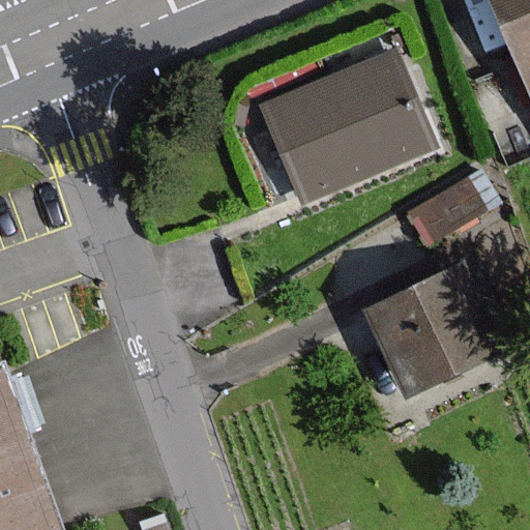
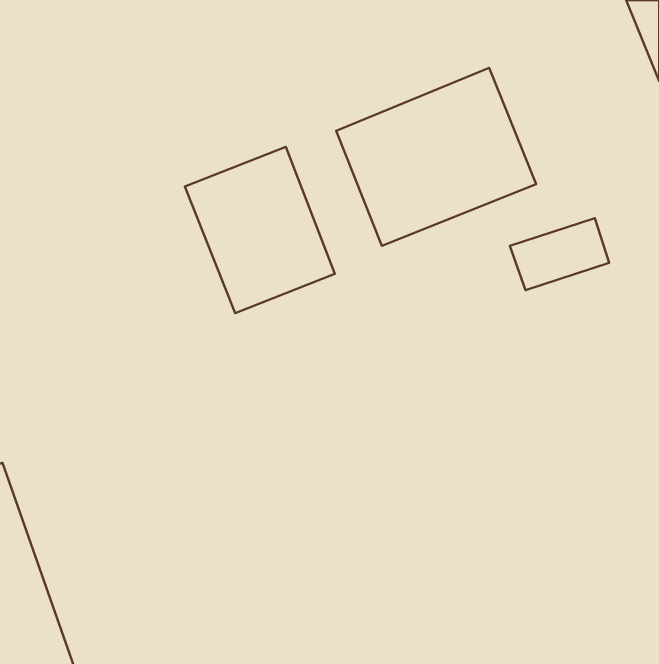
building: none -> [185,147,335,313]
building: [370,266,504,395] -> none

